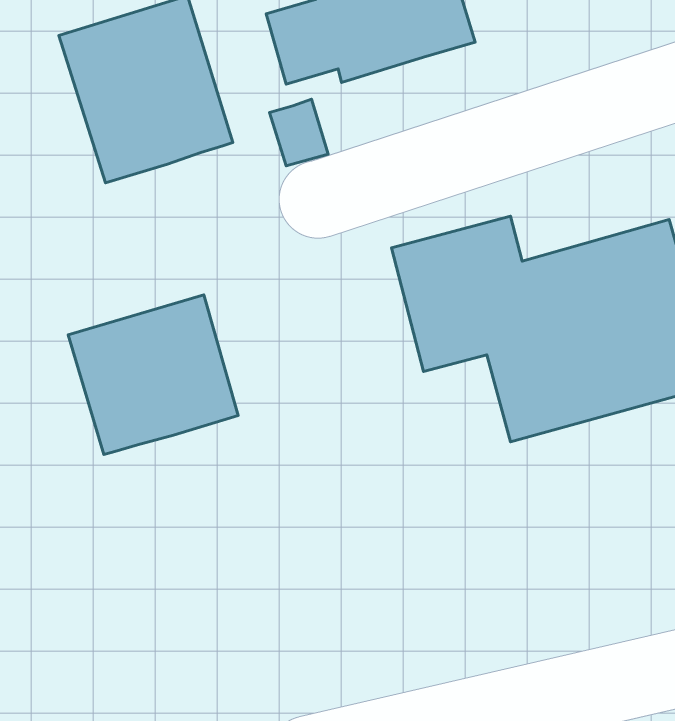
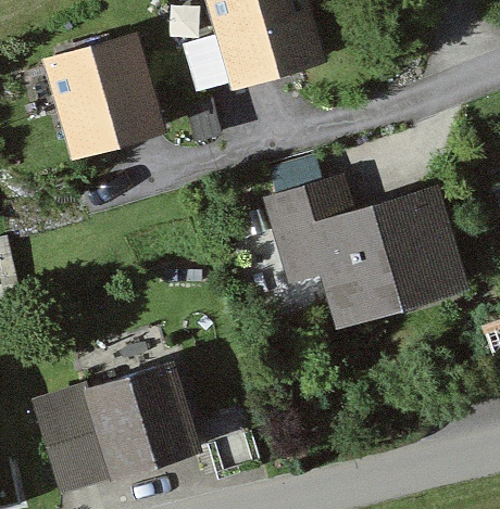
building: [68,295,238,454] -> none
building: none -> [30,360,196,495]

